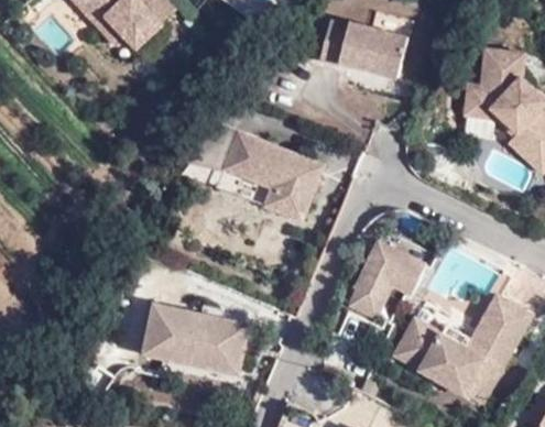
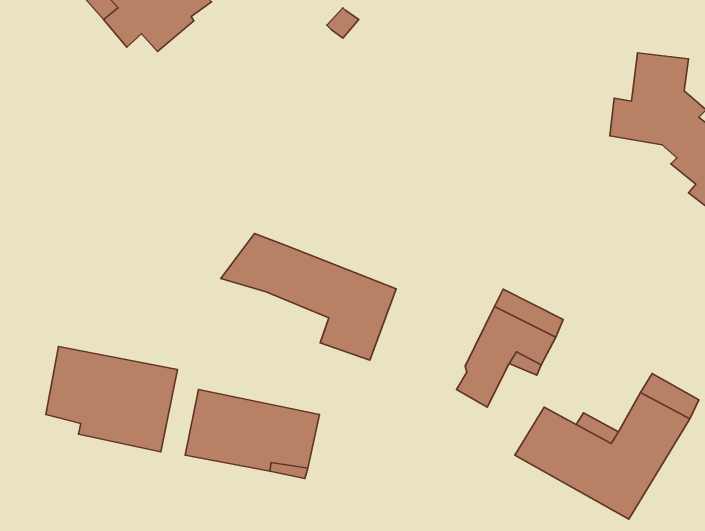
building: [321,20,407,79] -> none
building: [190,122,323,218] -> [221,233,396,360]
building: none -> [46,347,177,452]

